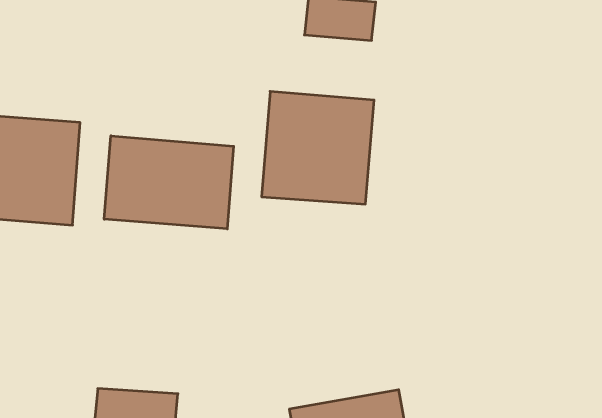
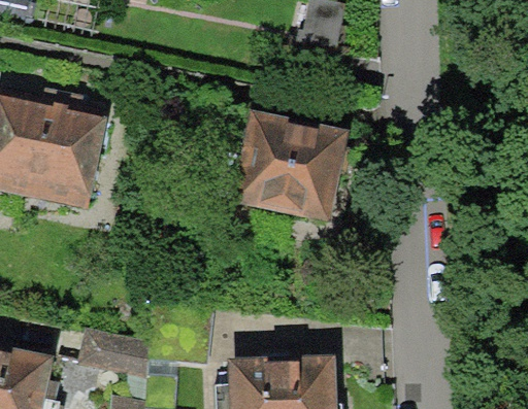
building: [104,136,234,229] -> none

